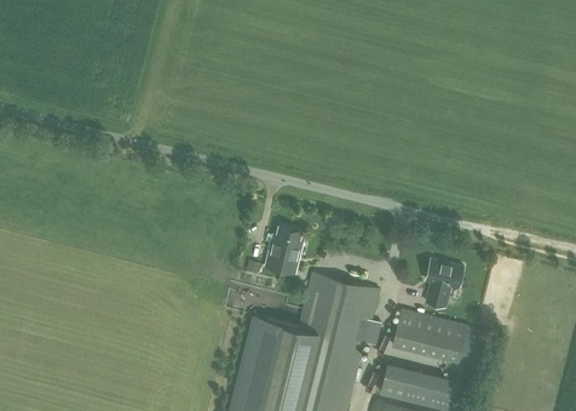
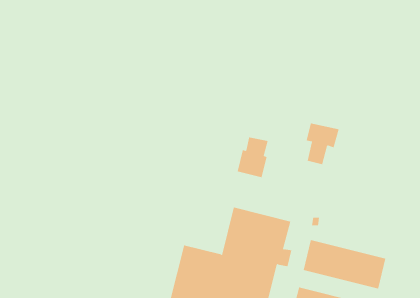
building: [264,228,300,275] -> [237,137,269,178]
building: [424,261,462,309] -> [306,123,340,165]

